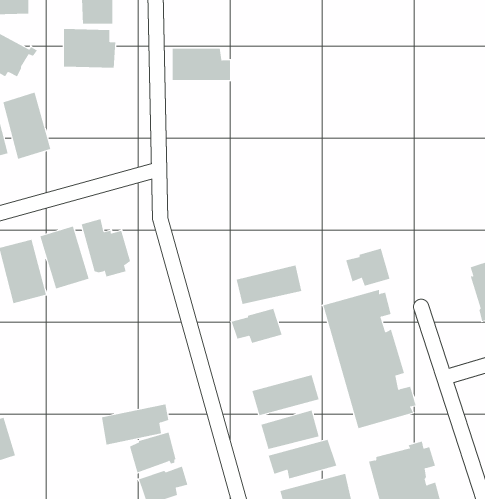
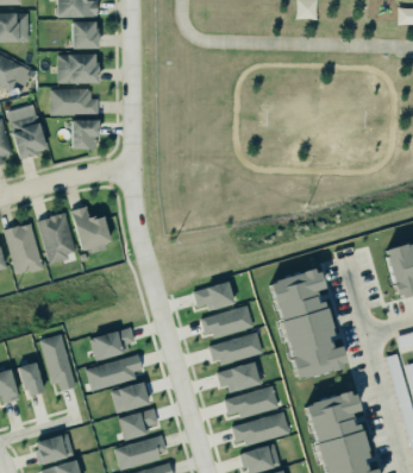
building: [172,48,231,81] -> [52,89,100,115]
building: none -> [73,120,99,150]
building: [345,248,390,287] -> none
building: [236,265,302,305] -> [201,307,255,339]
building: none -> [89,326,134,359]
building: none -> [40,334,77,391]
building: none -> [18,360,44,395]

